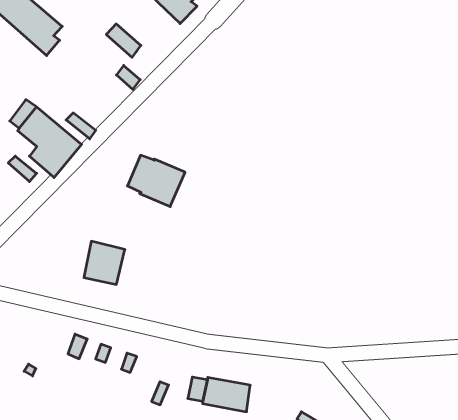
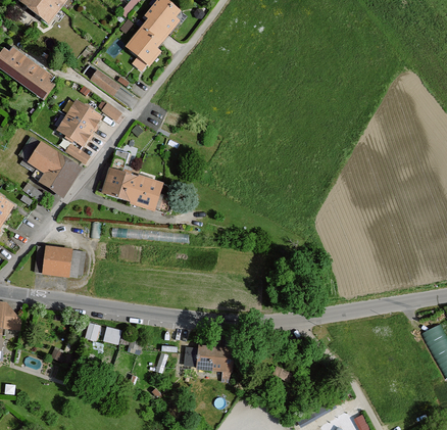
building: none -> [56,98,103,147]
building: none -> [101,166,128,198]
building: [84,241,125,284] -> [43,244,73,277]

